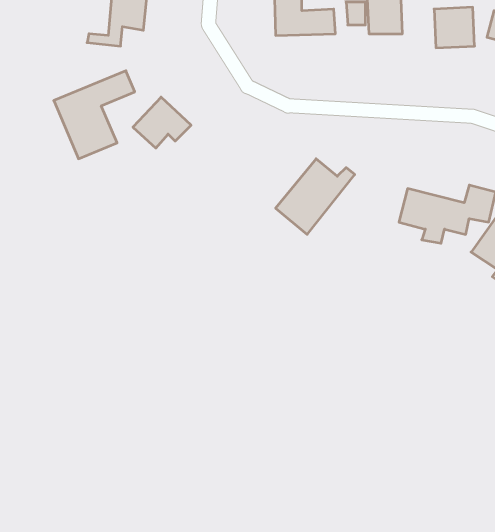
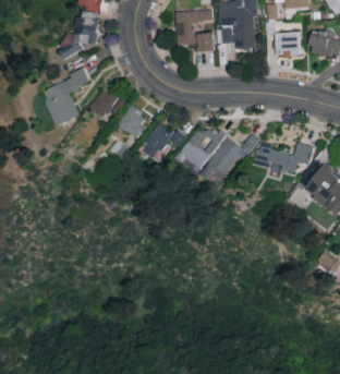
building: none -> [117,106,149,138]
building: none -> [145,121,185,164]
building: none -> [201,133,259,181]

